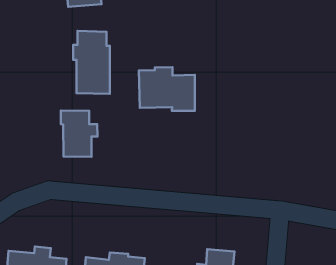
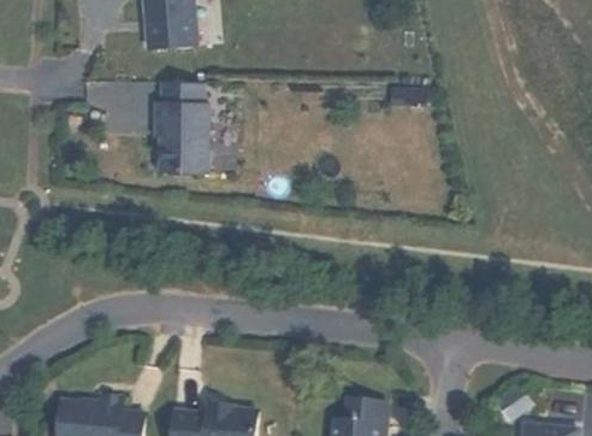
building: [139,67,195,111] -> none
building: [61,111,97,157] -> none

